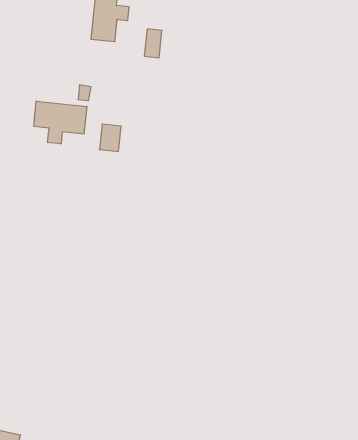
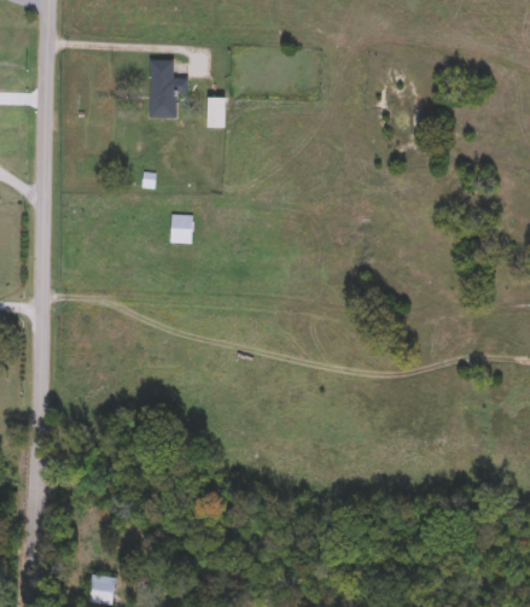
building: [34,101,87,144] -> none

